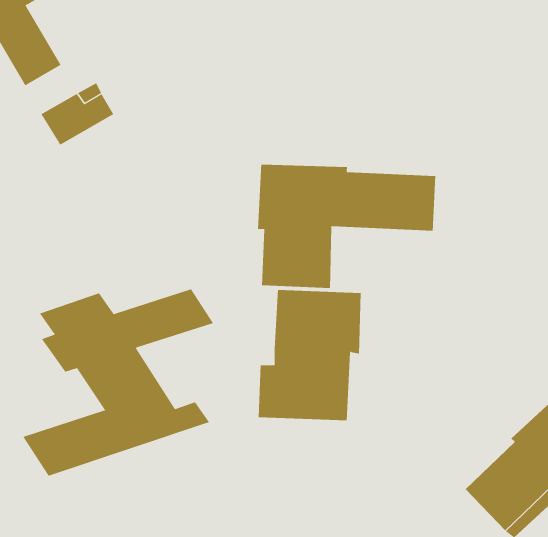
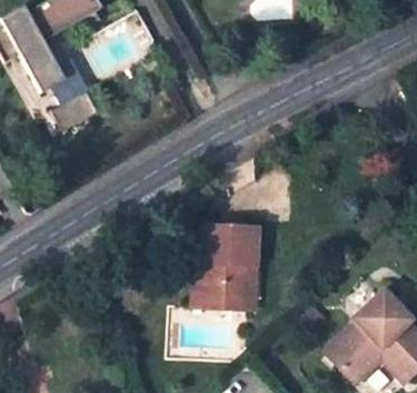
building: [258,164,436,289] -> none
building: [23,289,214,476] -> none

